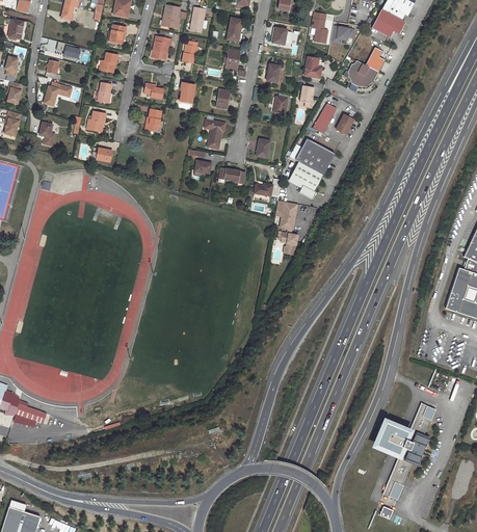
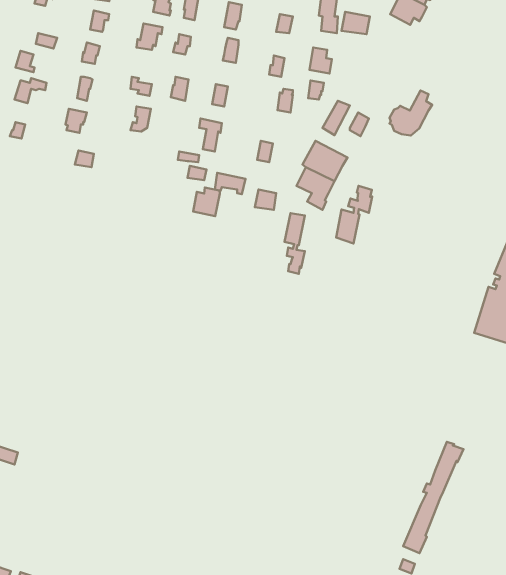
building: [347,47,385,86] -> [390,90,432,136]
building: none -> [336,186,372,244]
building: none -> [193,187,220,216]
building: [371,416,412,457] -> none

